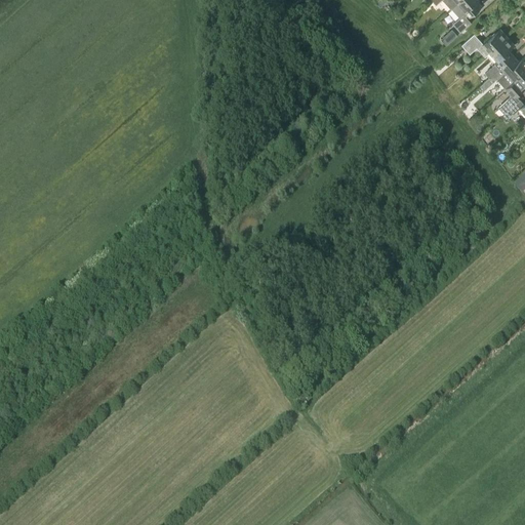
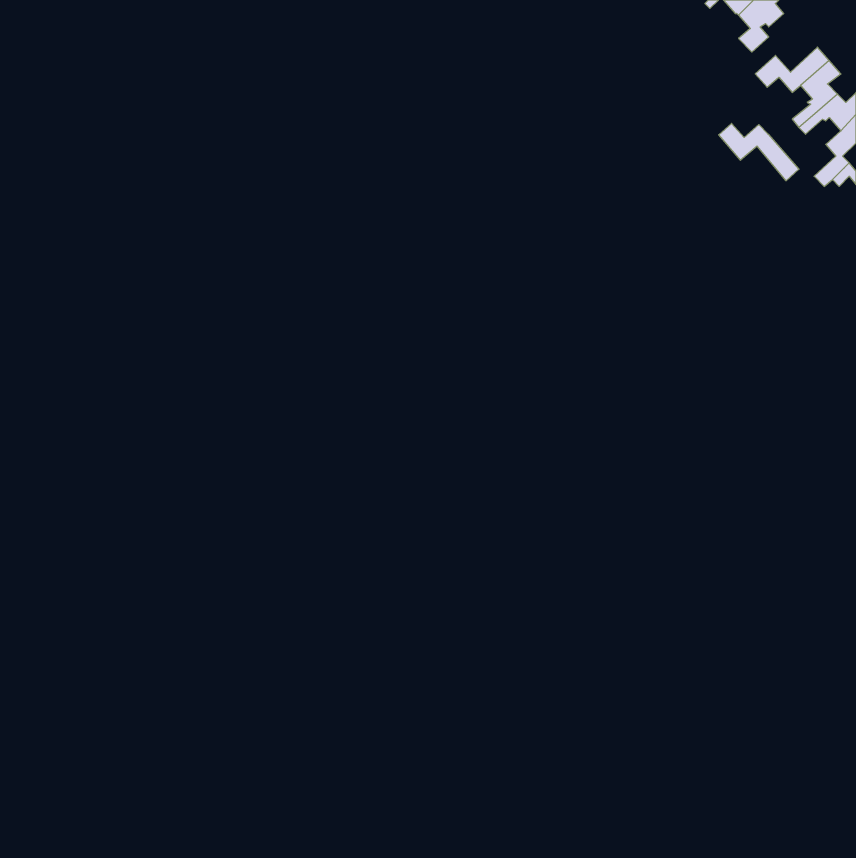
building: none -> [719,123,799,181]

